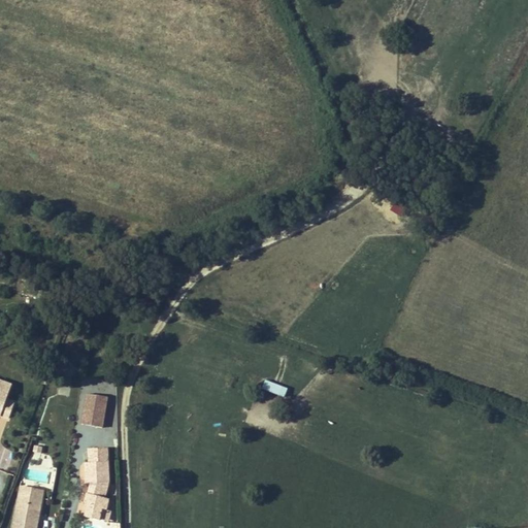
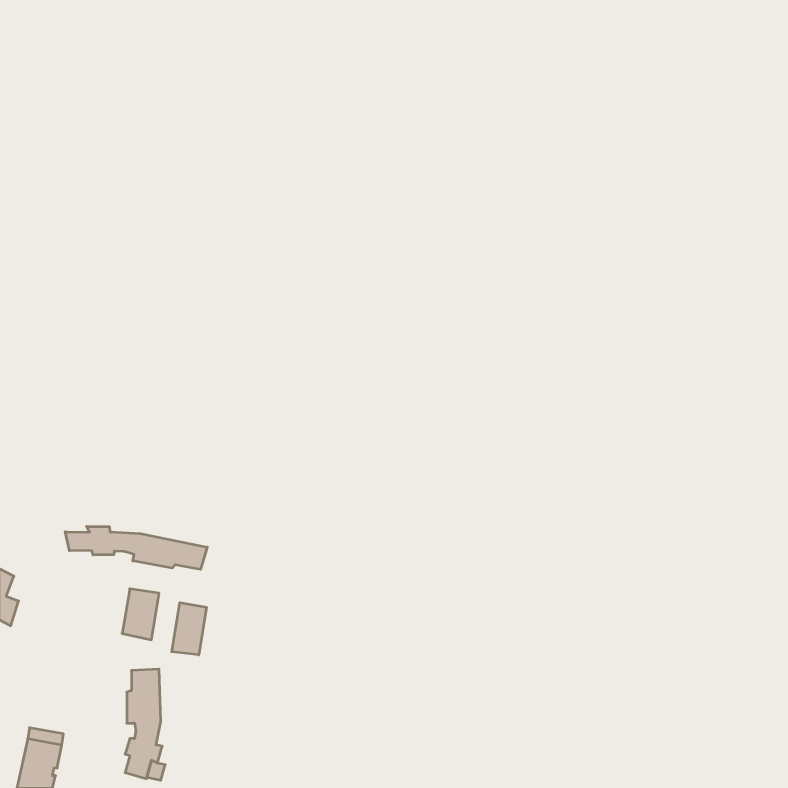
building: none -> [65,526,207,569]
building: none -> [172,603,206,655]

